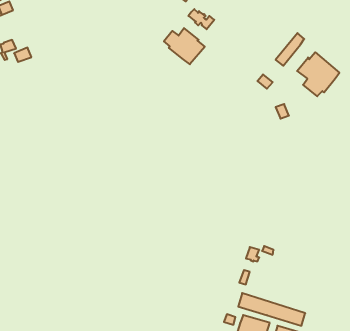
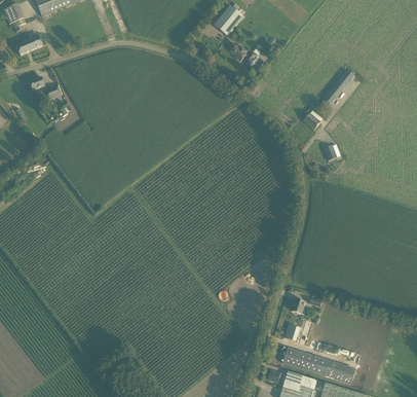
building: [164,28,205,64] -> none
building: [297,52,339,96] -> none

